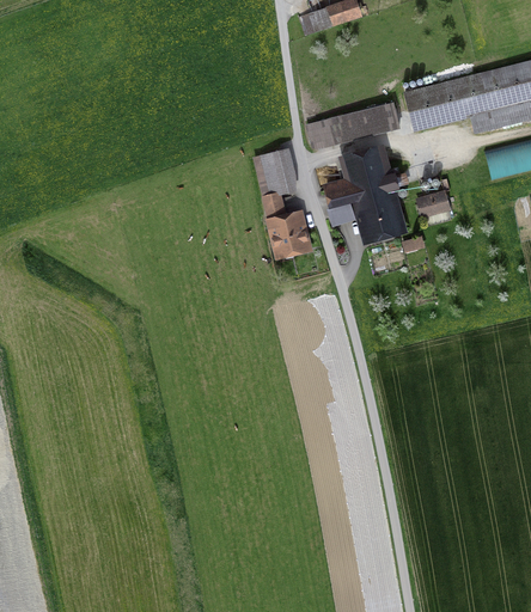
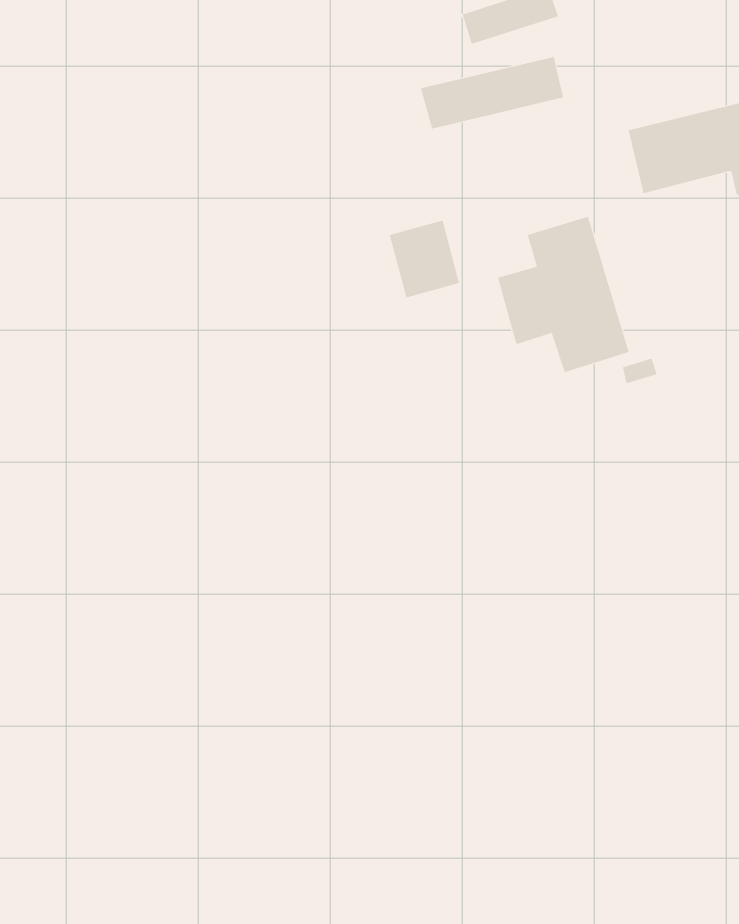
building: [306,102,398,148] -> [420,57,564,129]
building: [415,190,451,216] -> none
building: [261,194,310,258] -> none

